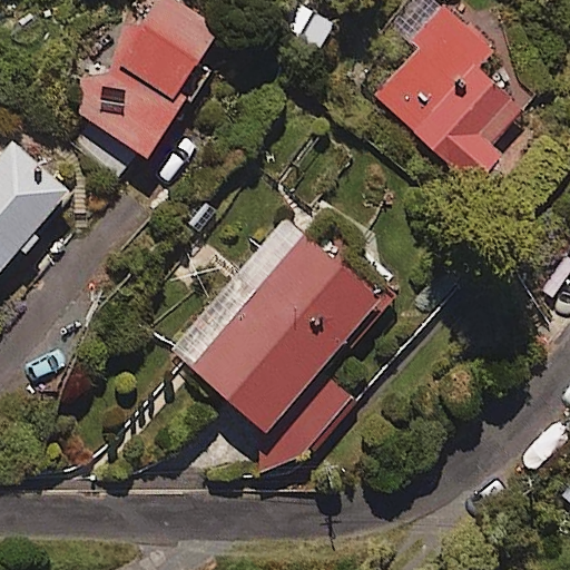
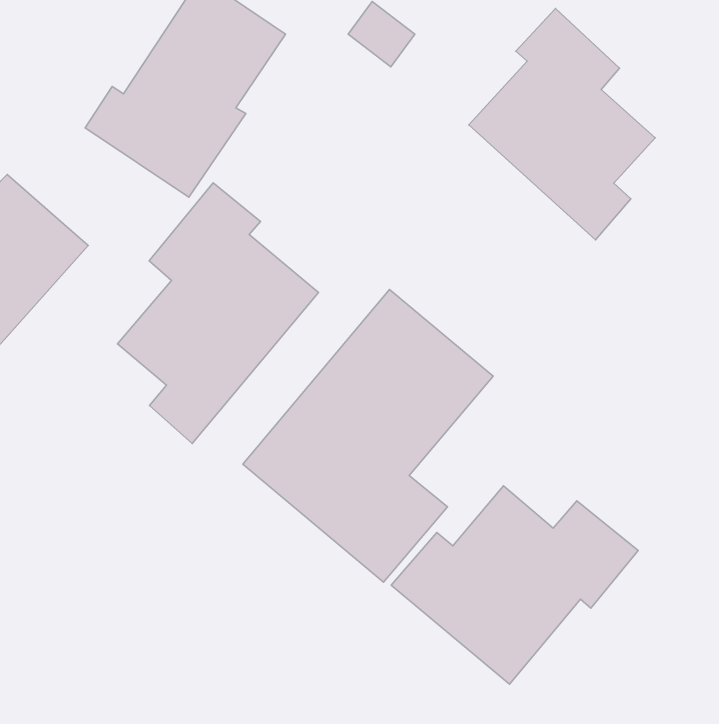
building: none -> [117,183,318,443]
building: none -> [391,486,638,684]

